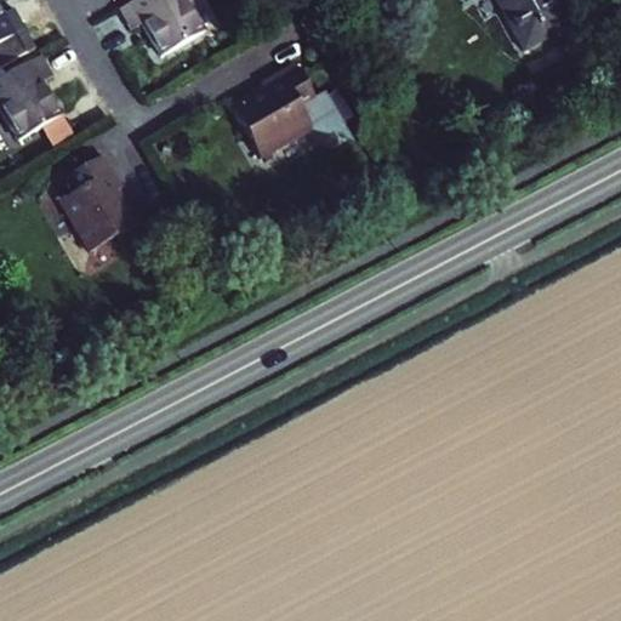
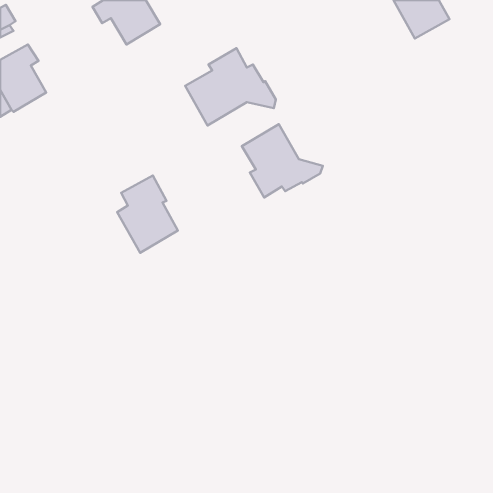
building: [61,154,137,251] -> [117,176,178,253]
building: none -> [242,124,323,197]

